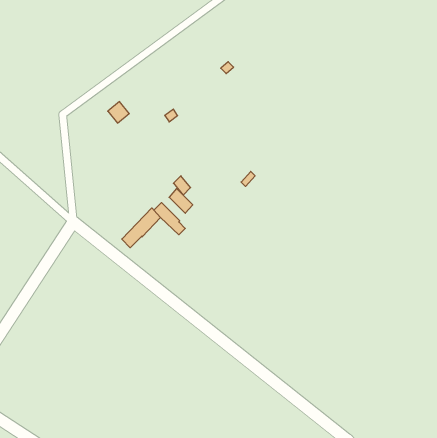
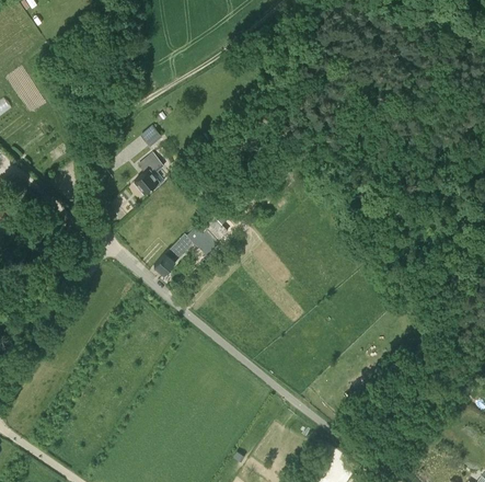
building: none -> [134,154,163,195]

